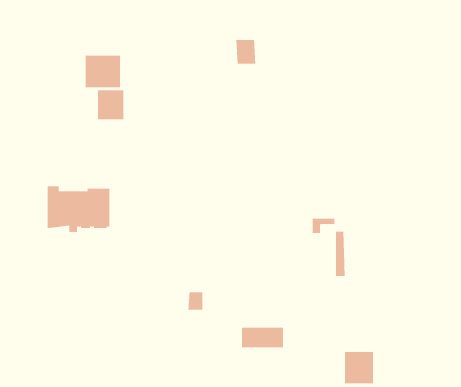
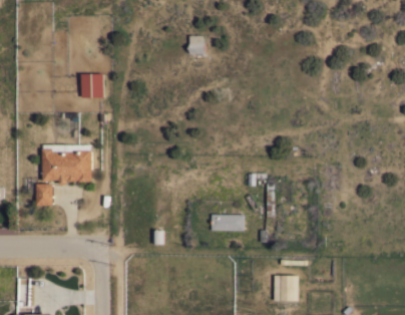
building: [85,55,121,88] -> none
building: none -> [36,184,52,206]
building: [241,327,284,348] -> [211,215,244,231]

